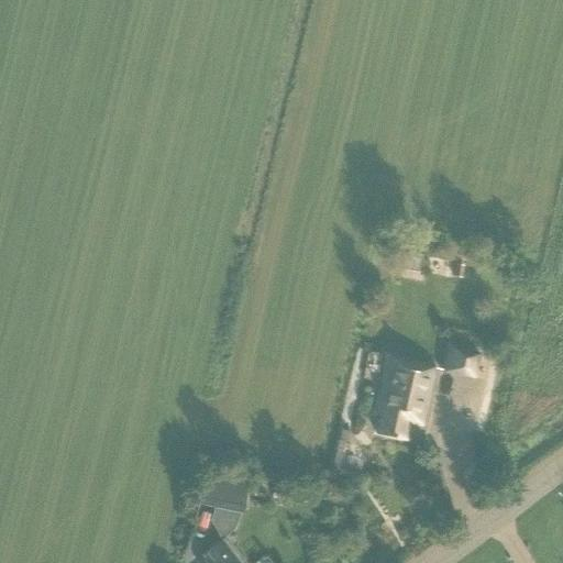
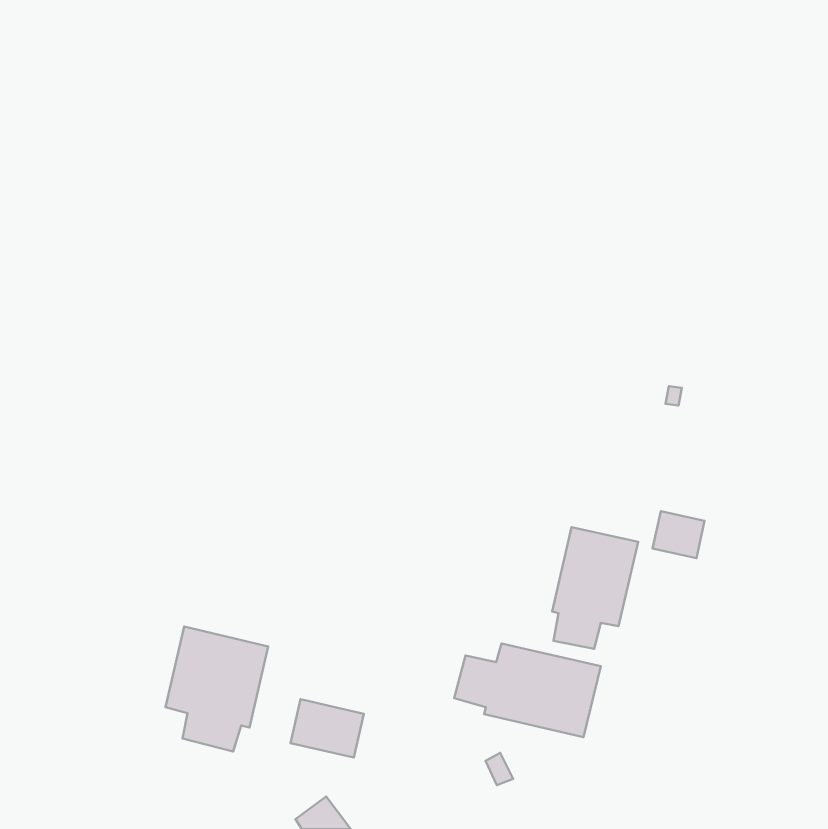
building: none -> [165,626,268,751]
building: none -> [454,643,601,737]

